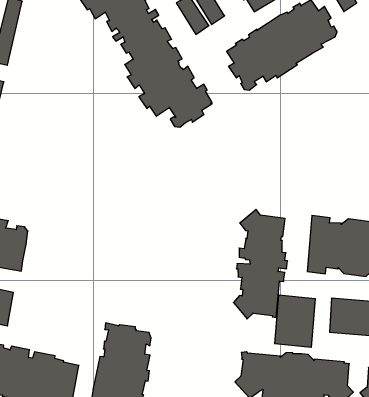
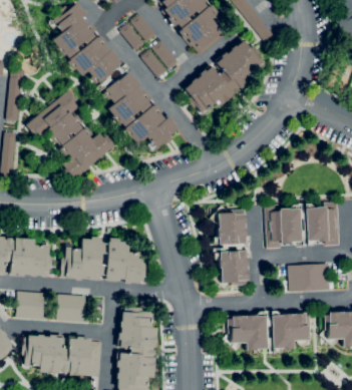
building: none -> [26,89,115,181]
building: none -> [60,237,146,286]
building: [275,295,315,347] -> none
building: none -> [57,294,87,322]

